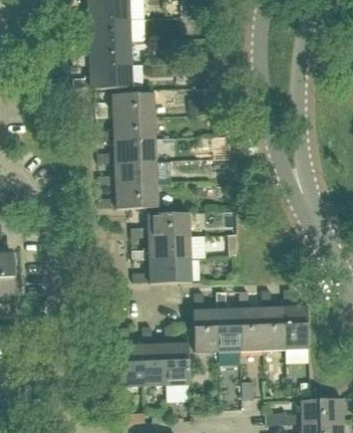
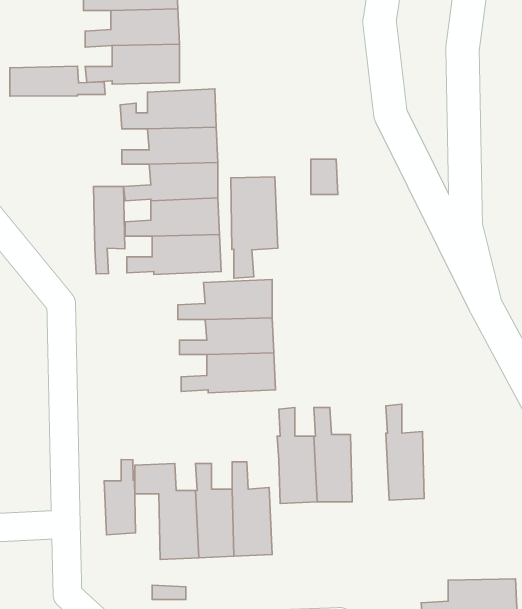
building: none -> [10,66,105,96]
building: none -> [231,177,278,278]
building: none -> [94,187,125,274]
building: [285,289,309,349] -> none
building: [240,290,264,351] -> none
building: none -> [104,460,136,535]

